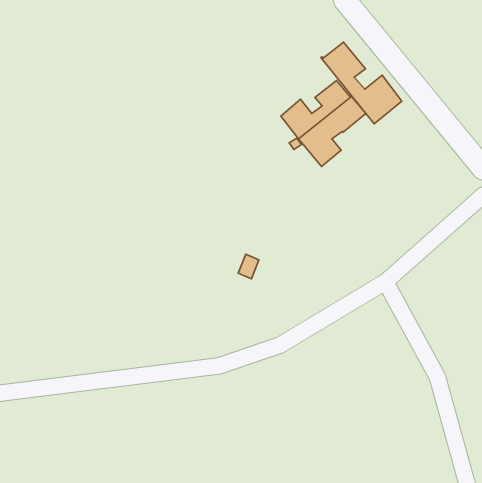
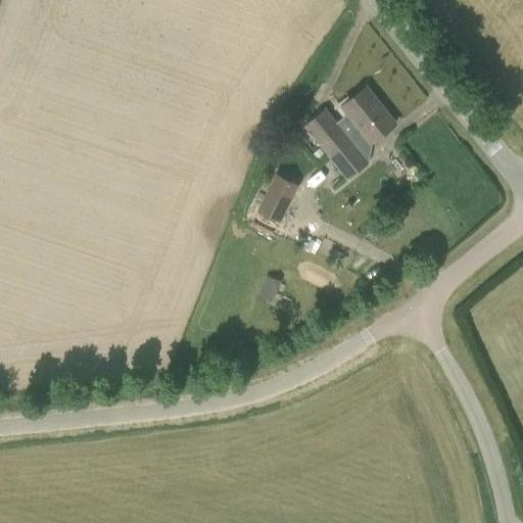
building: [321,42,402,124] -> none
building: none -> [258,175,298,221]

